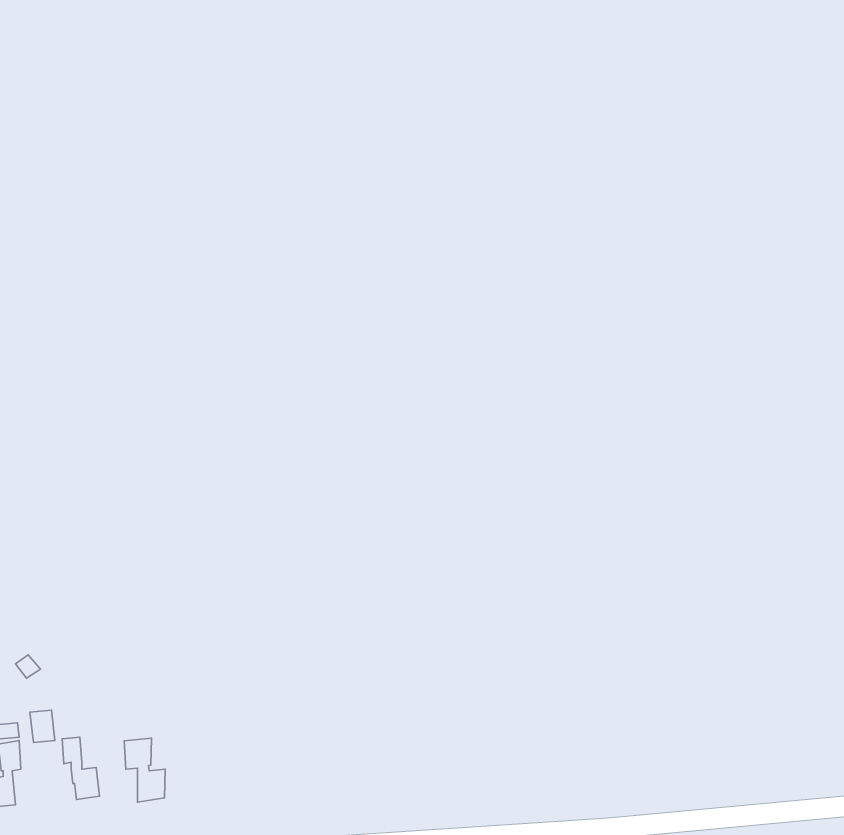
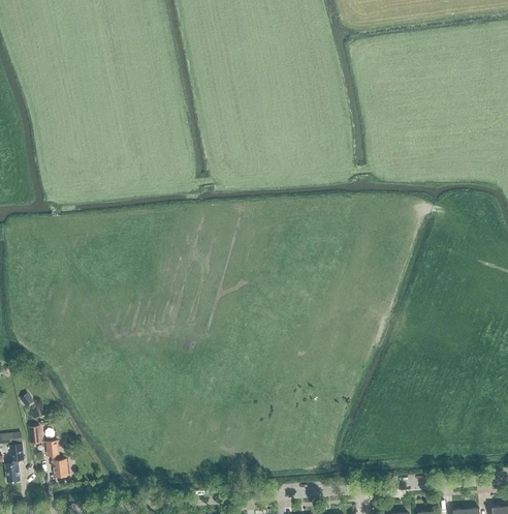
building: [124,738,165,802] -> none

